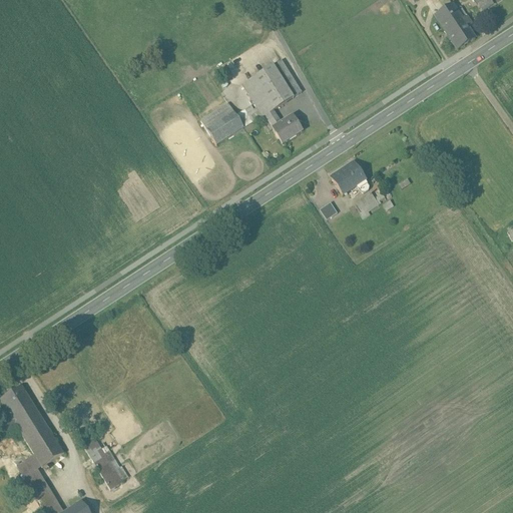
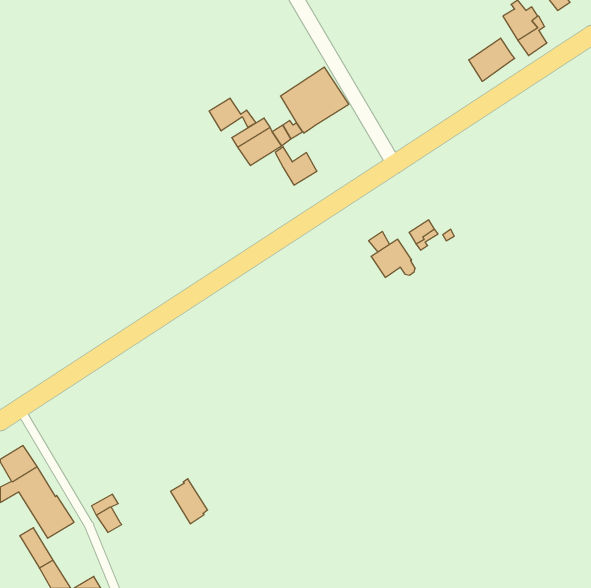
building: none -> [469,38,515,81]
building: none -> [209,98,255,131]
building: [267,108,303,141] -> [275,147,317,185]
building: [332,160,370,193] -> [371,239,415,277]
building: [94,450,126,489] -> [171,479,208,524]

